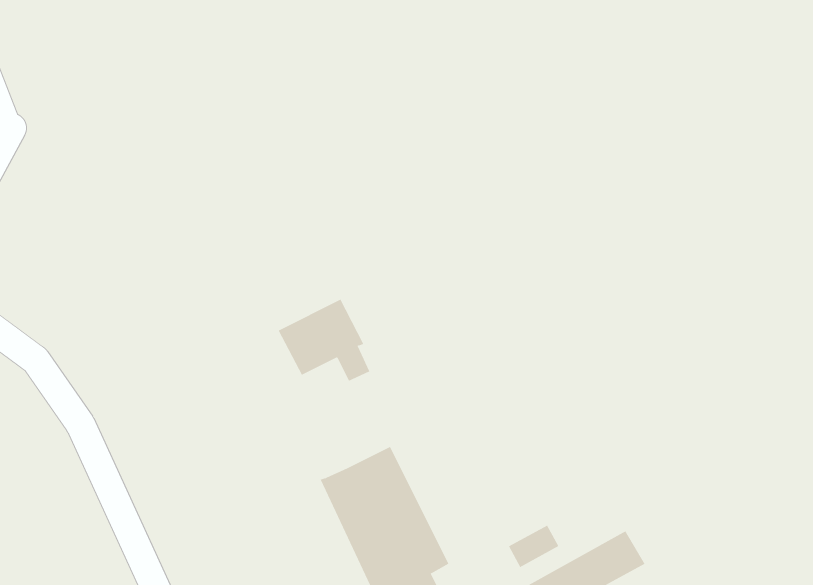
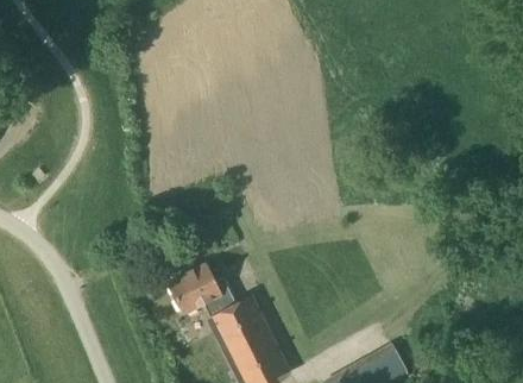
building: [278,299,370,381] -> [170,265,226,315]

